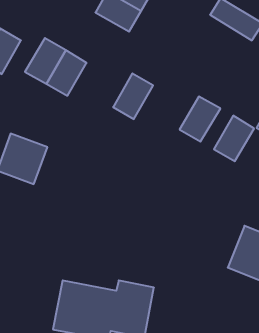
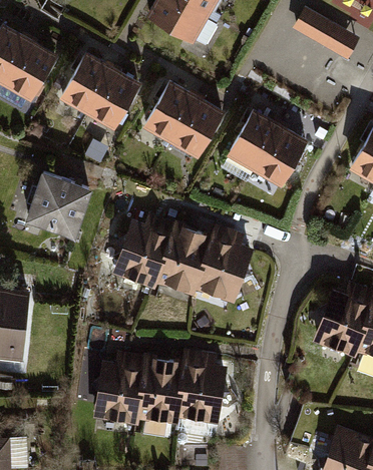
building: none -> [145,83,196,140]
building: [214,116,254,161] -> [229,111,279,168]
building: none -> [116,211,252,306]

